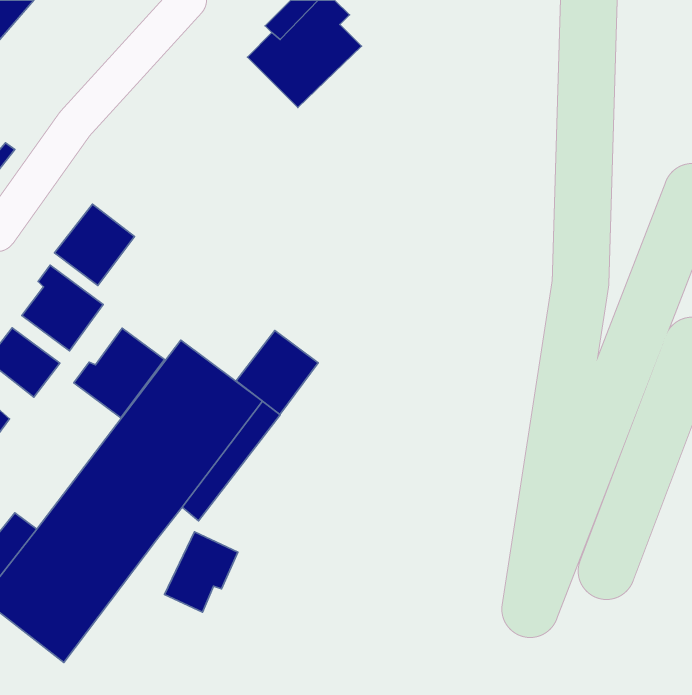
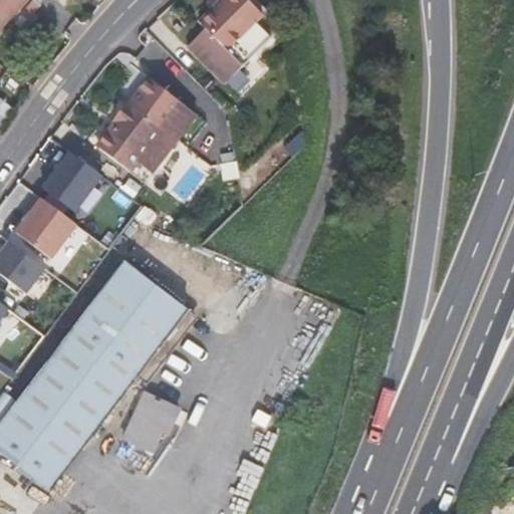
building: none -> [98,80,192,173]
building: [74,328,164,418] -> none
building: [236,330,318,415] -> none

